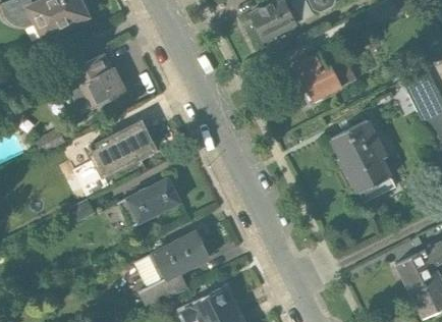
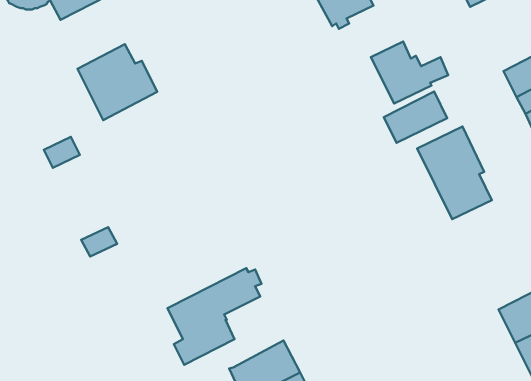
building: none -> [384,91,447,143]
building: [91,121,155,173] -> none
building: [119,175,182,226] -> none

